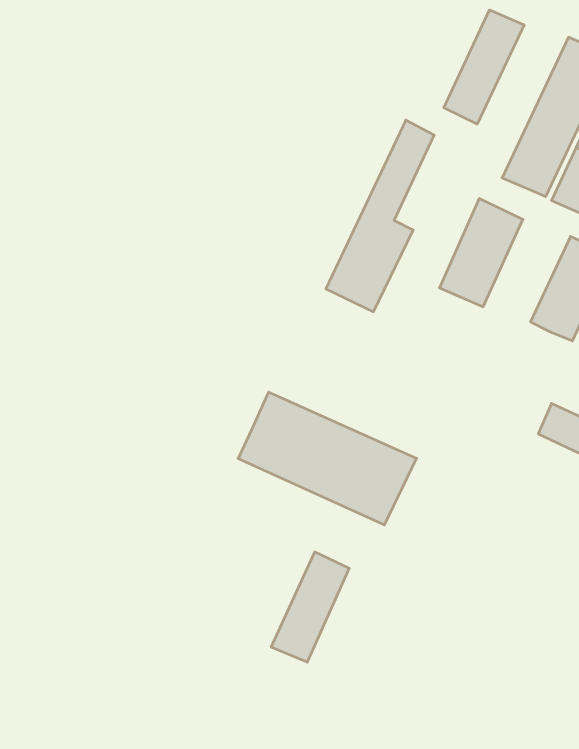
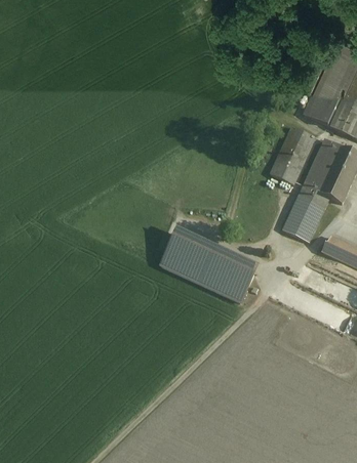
building: [444,10,524,124] -> none
building: [326,120,434,312] -> [282,137,341,241]
building: [271,552,349,662] -> none

